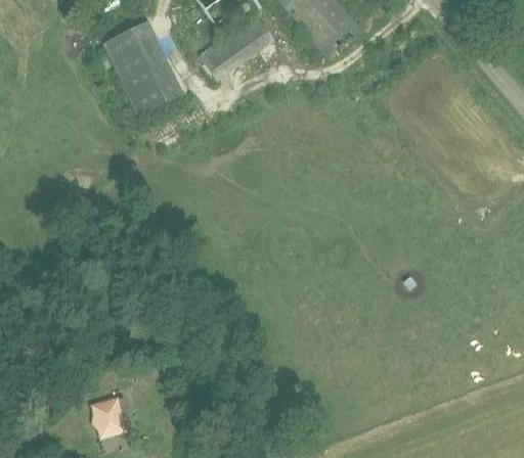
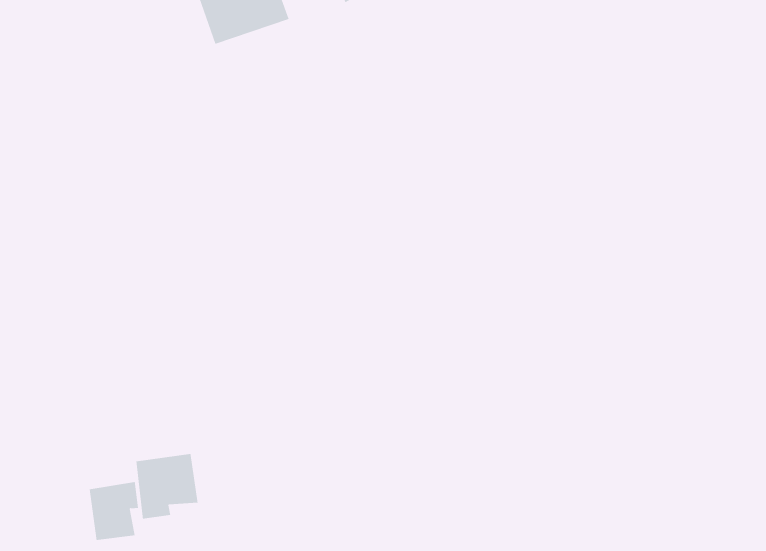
building: none -> [136,453,198,520]

